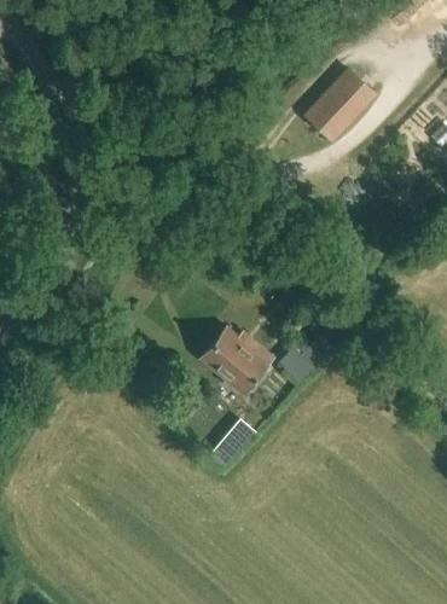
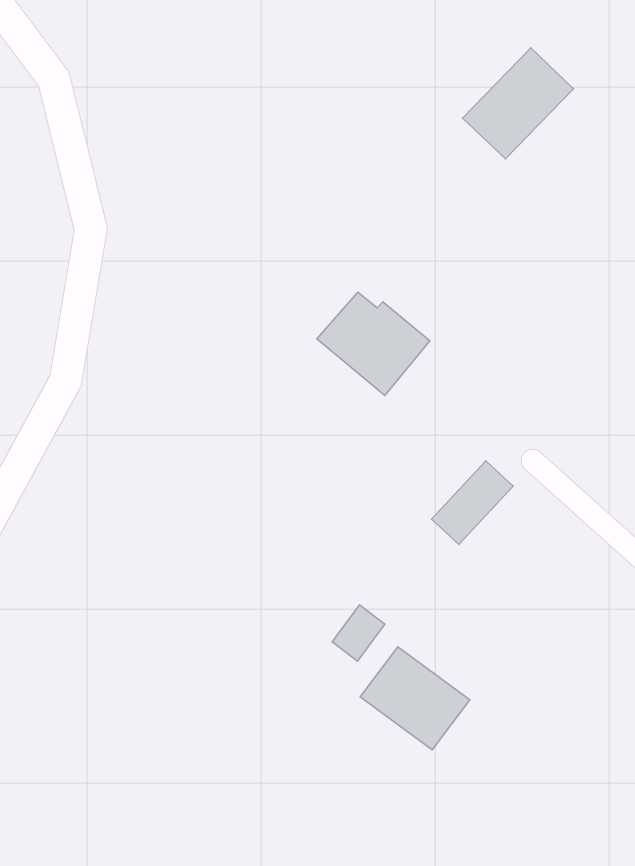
building: [201,330,271,394] -> [317,292,430,395]
building: none -> [360,647,470,750]

